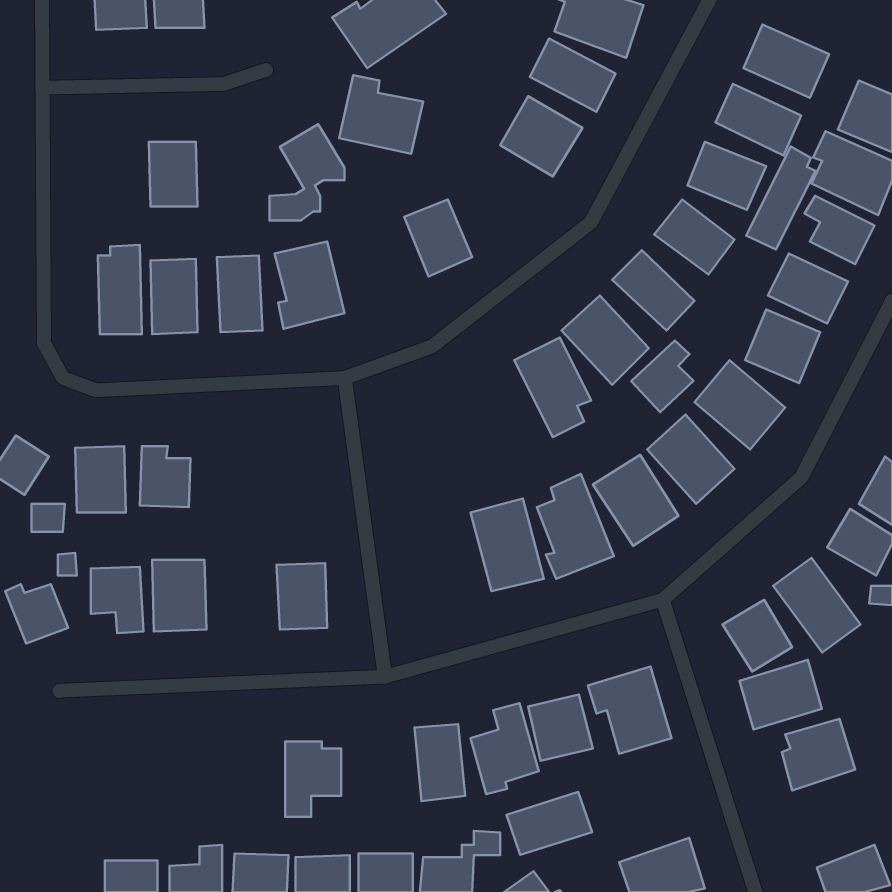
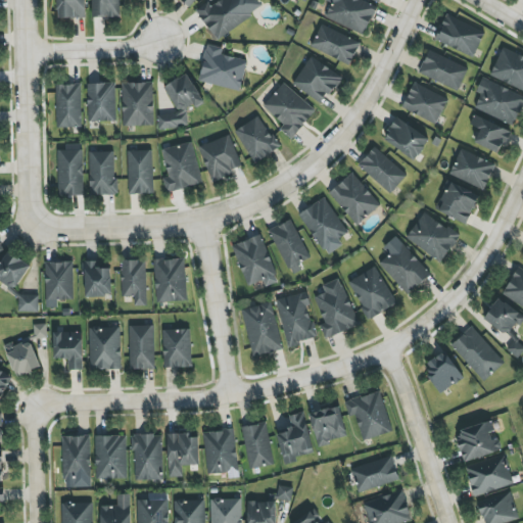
building: none -> [122,82,153,126]
building: none -> [262,82,315,139]
building: none -> [55,84,81,128]
building: [746,146,815,249] -> none
building: none -> [198,135,242,180]
building: [631,340,693,412] -> none
building: none -> [269,219,310,275]
building: none -> [233,235,277,286]
building: none -> [154,257,187,301]
building: none -> [121,259,147,304]
building: none -> [241,302,281,355]
building: none -> [128,325,154,369]
building: [740,660,822,730] -> [465,455,513,495]
building: none -> [202,428,238,474]
building: none -> [61,434,90,478]
building: none -> [132,434,162,480]
building: none -> [95,435,126,478]
building: [506,792,592,855] -> [349,456,399,492]

